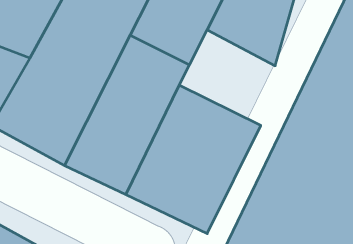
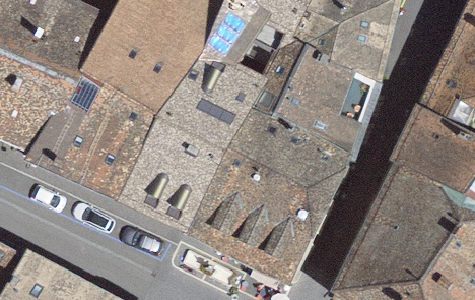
building: none -> [261,42,376,156]

